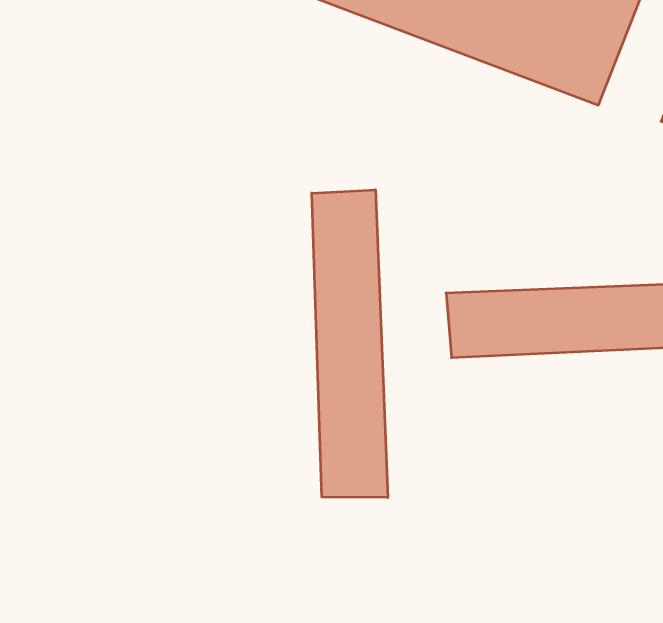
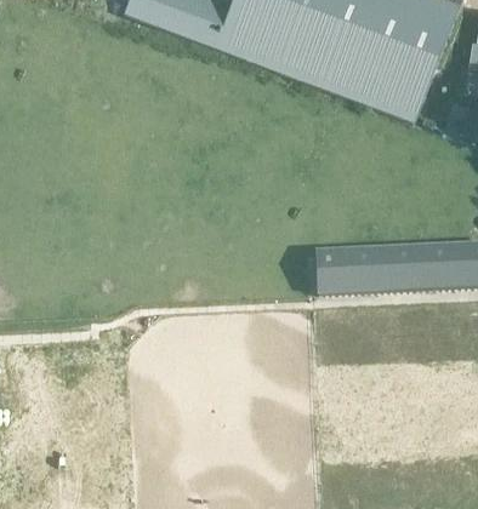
building: [312,190,388,498] -> none

